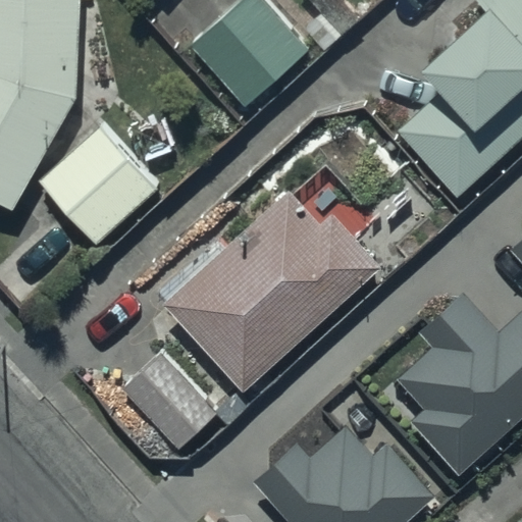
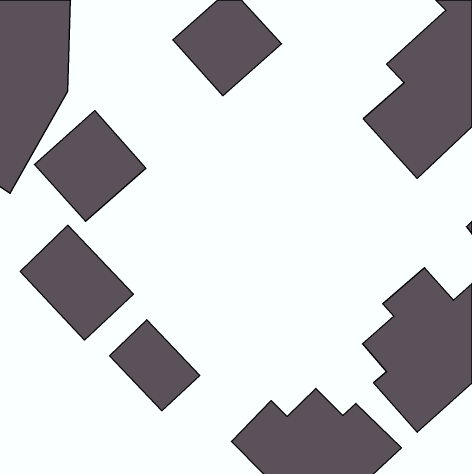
building: [162,188,376,393] -> none
building: none -> [20,225,133,340]

